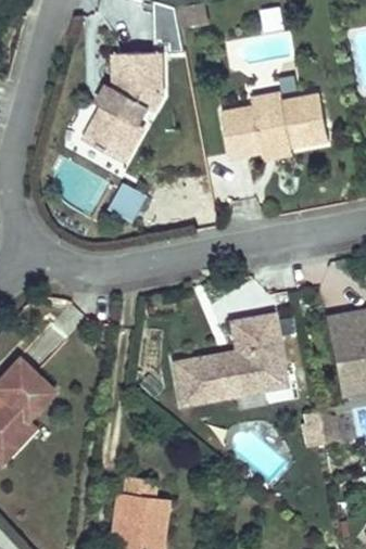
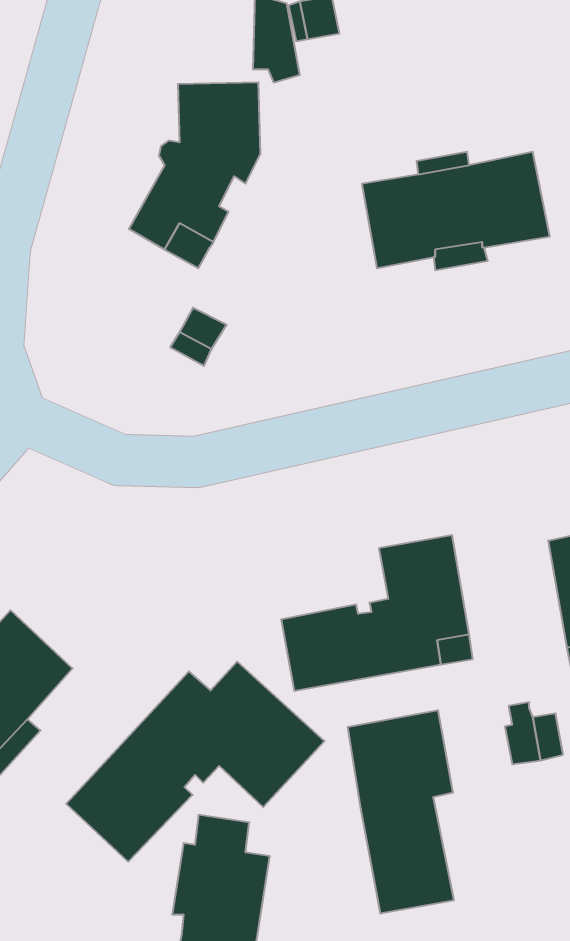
building: none -> [66,662,325,862]
building: none -> [348,710,454,914]

